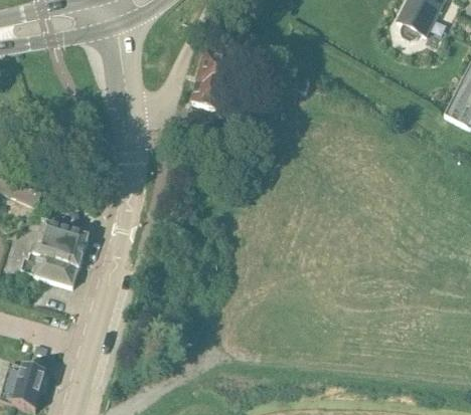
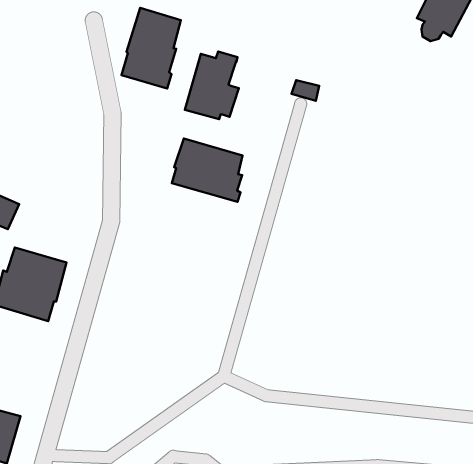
building: none -> [121,8,181,88]
building: none -> [172,138,243,202]

